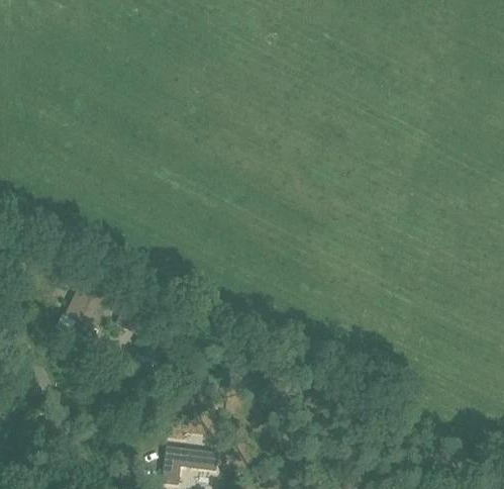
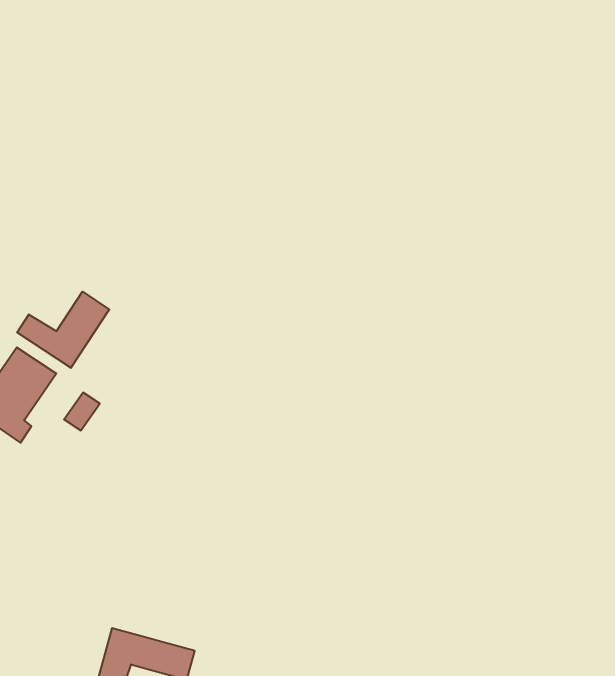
building: none -> [17,292,109,368]

